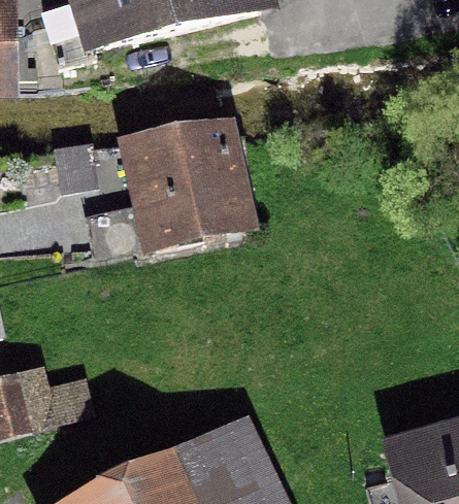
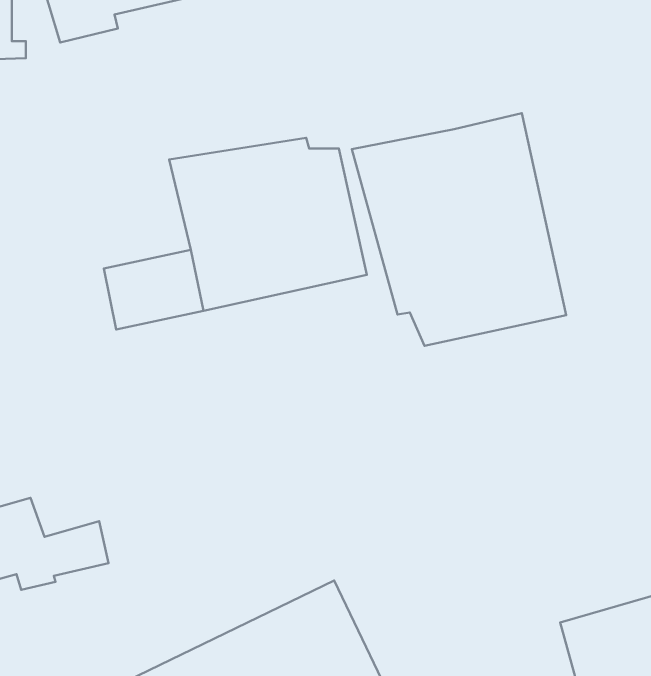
building: none -> [352,113,566,346]

